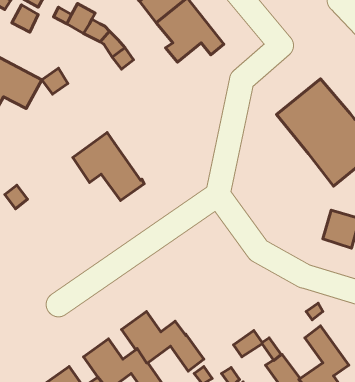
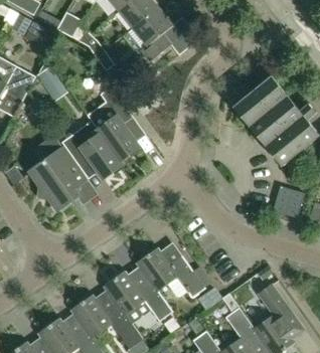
building: none -> [88,86,140,161]
building: none -> [29,147,87,211]
building: none -> [137,247,206,298]

